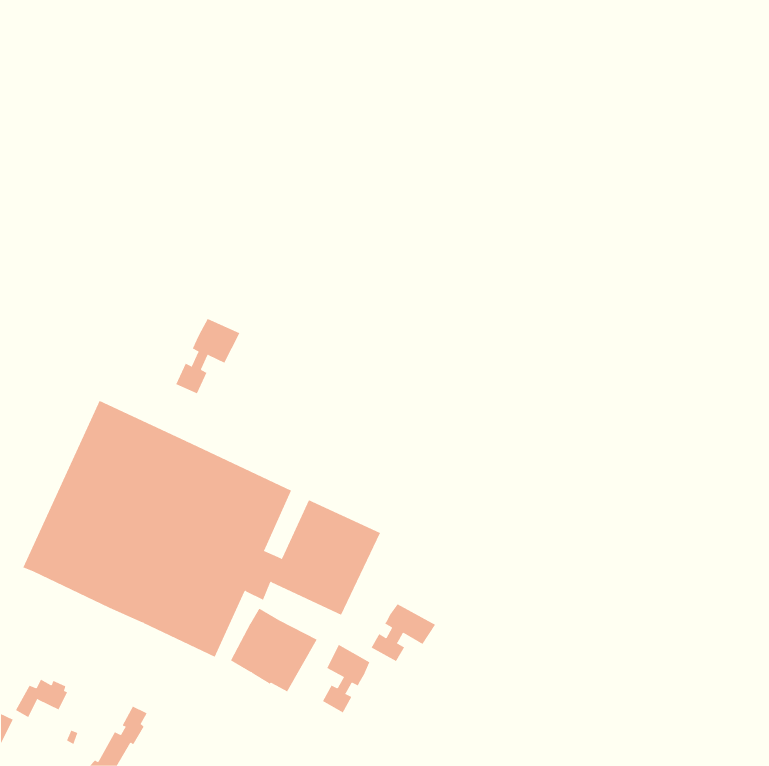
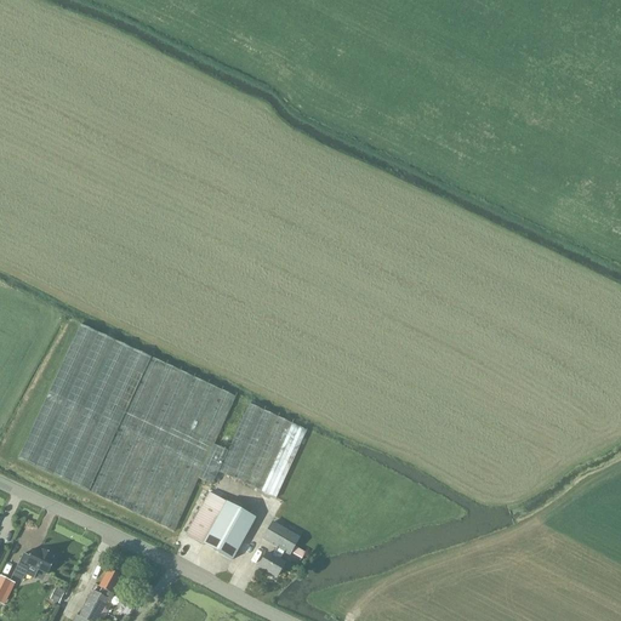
building: [175,318,240,394] -> none
building: [371,603,436,662] -> none

